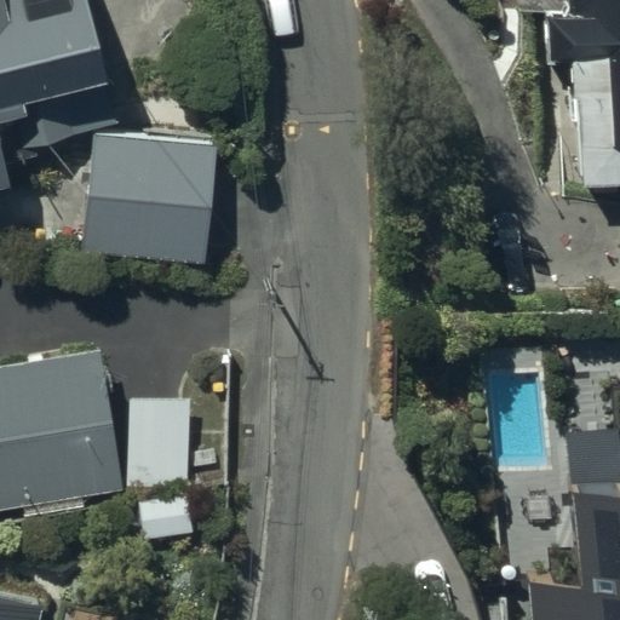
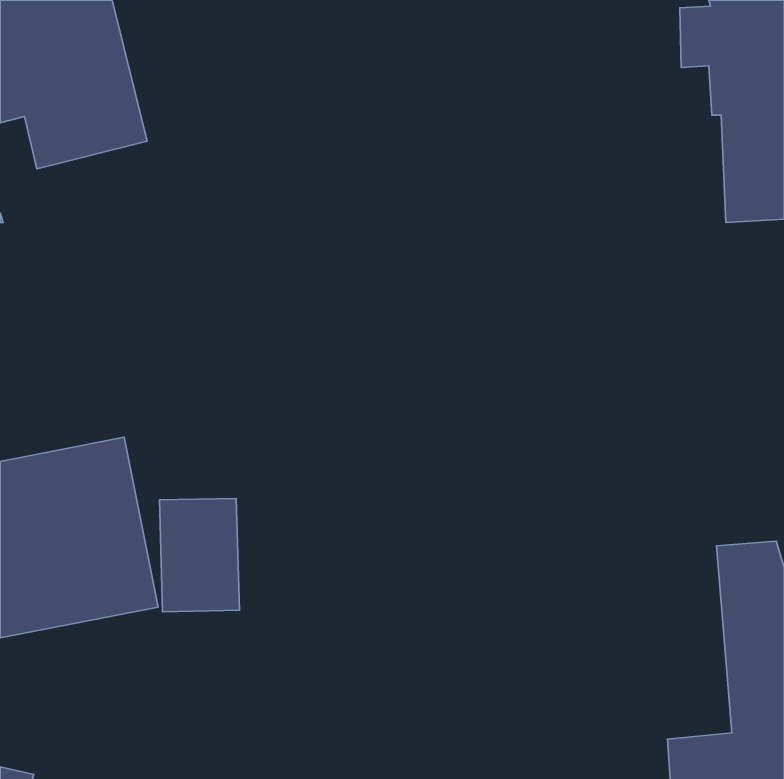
building: [85,137,212,257] -> none

